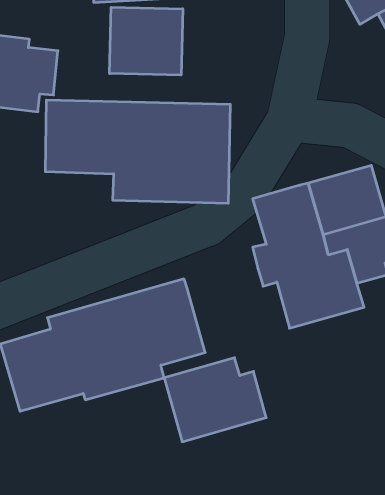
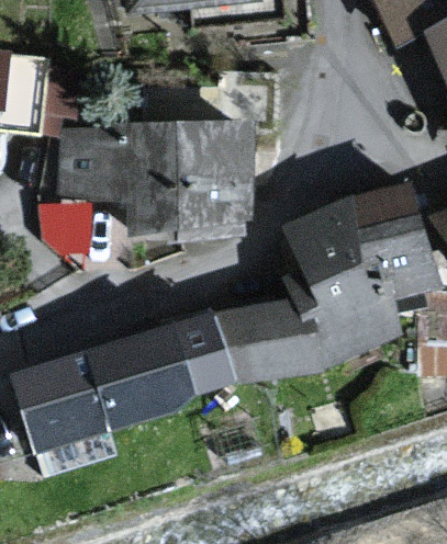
building: [110,7,183,75] -> none
building: [164,358,266,442] -> [214,296,321,384]

